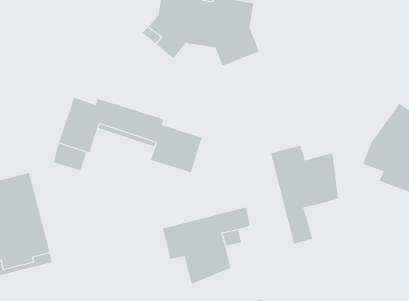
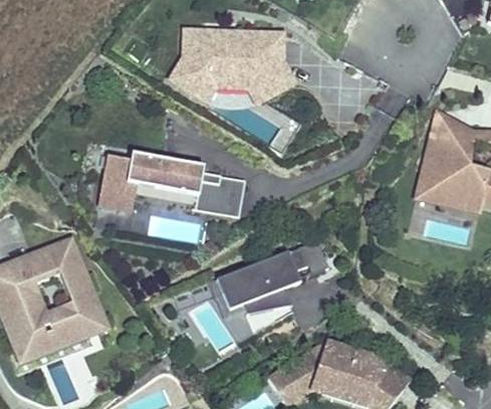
building: [270,145,339,244] -> none

